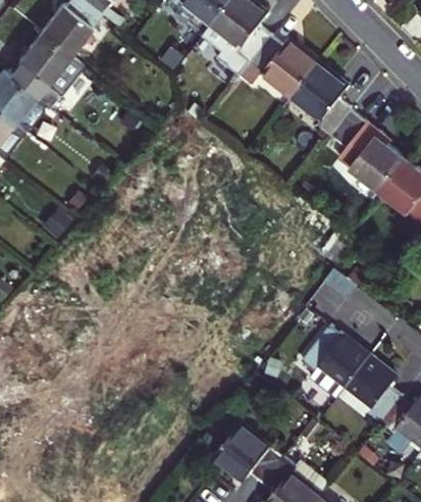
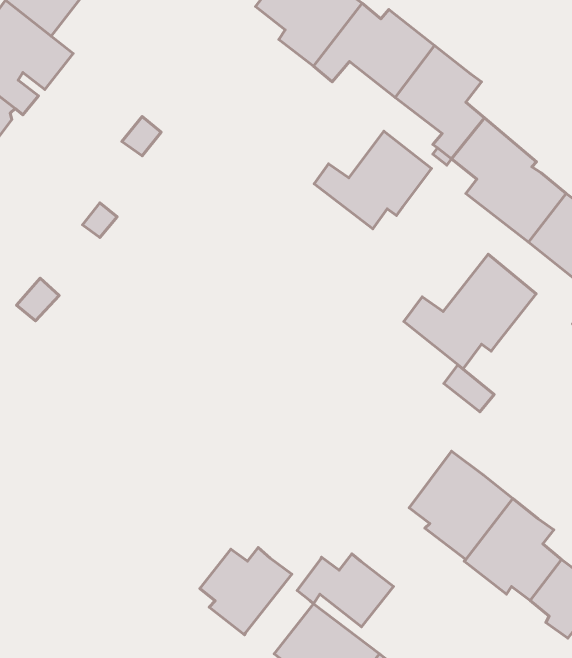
building: none -> [314,131,431,229]
building: none -> [404,254,536,369]
building: none -> [200,547,292,635]
building: none -> [297,554,393,627]

